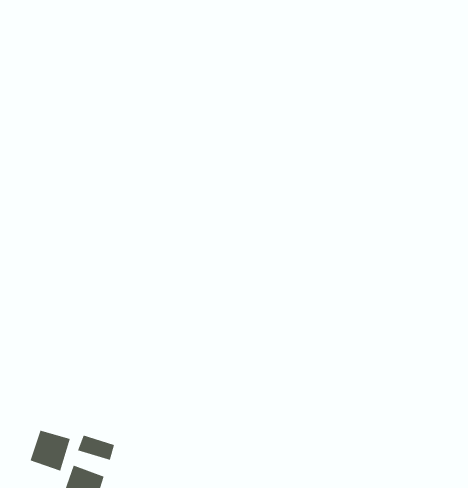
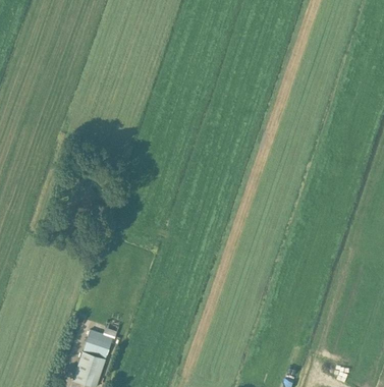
building: [30,430,71,471] -> none

